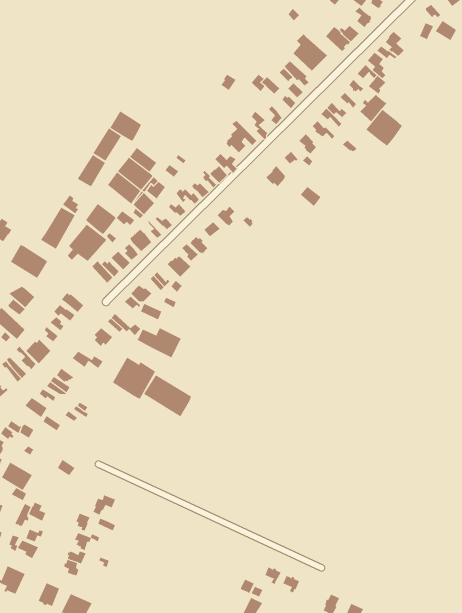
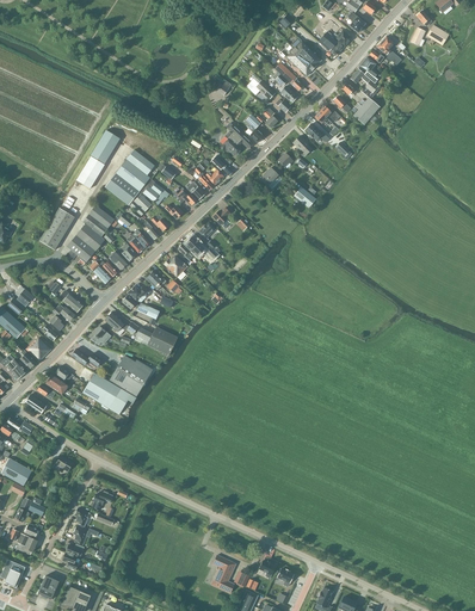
building: [366,109,403,146] -> none
building: [109,111,142,142] -> none
building: [10,244,48,279] -> none
building: [143,374,192,417] -> [82,372,130,414]
building: none -> [211,555,236,592]

